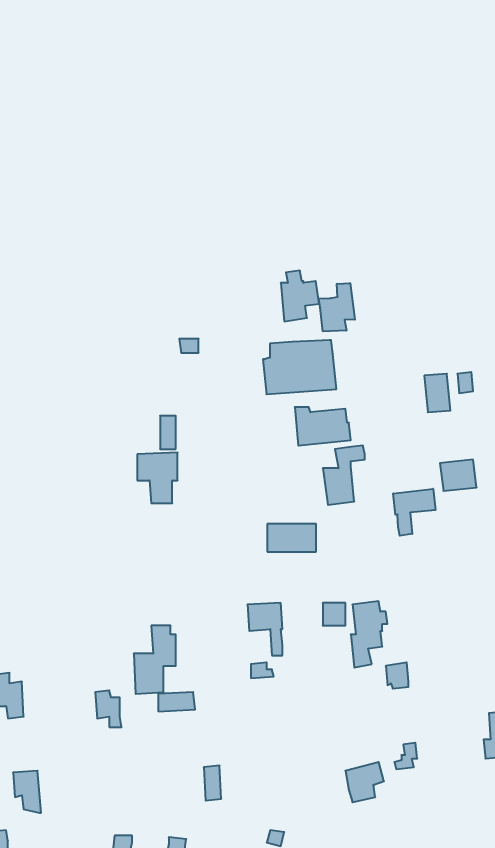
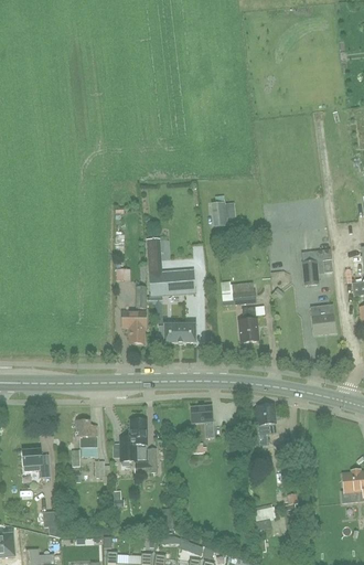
building: [319,283,355,331] -> none
building: [263,340,336,394] -> [149,260,195,295]
building: [393,489,435,536] -> none
building: [267,524,316,552] -> [164,323,195,341]
building: none -> [75,419,97,456]

